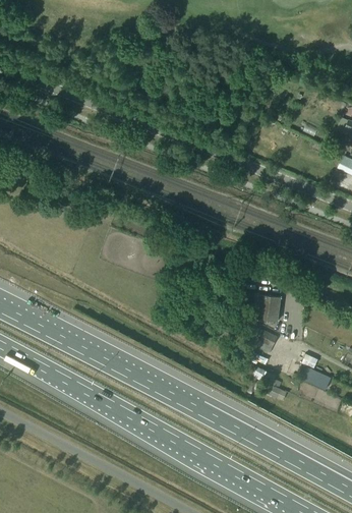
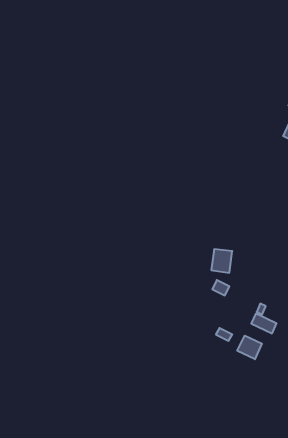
building: none -> [237,336,262,359]

